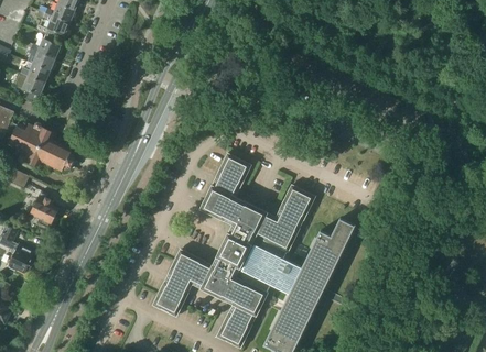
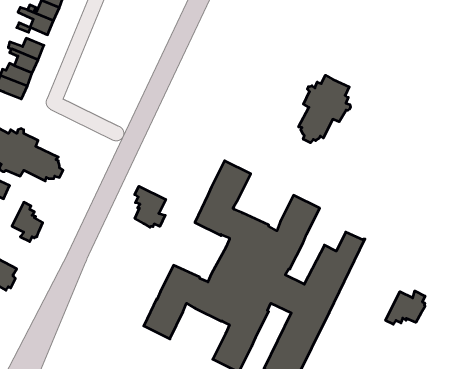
building: none -> [299,75,351,143]
building: none -> [135,186,166,227]
building: none -> [386,291,425,324]

